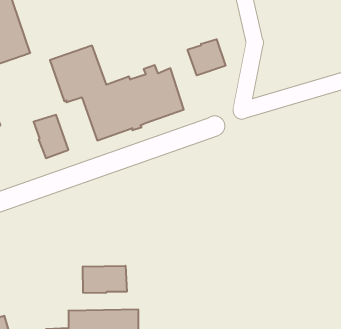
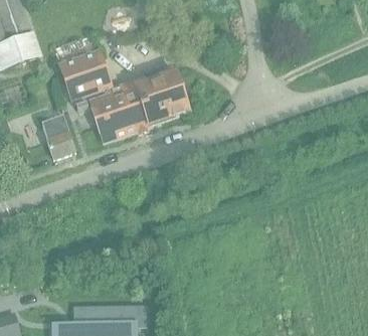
building: [188,39,225,75] -> none
building: [83,266,127,293] -> none

